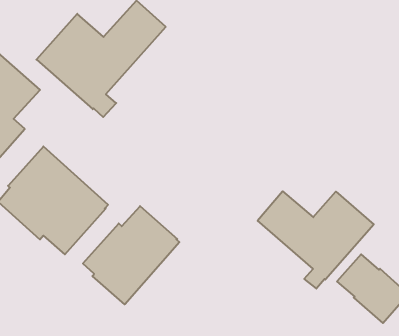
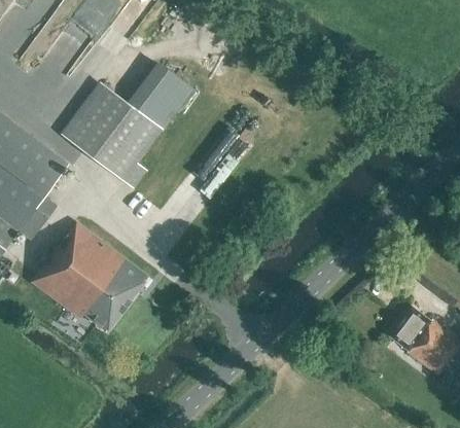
building: [258,191,374,289] -> none
building: [83,206,179,304] -> none

